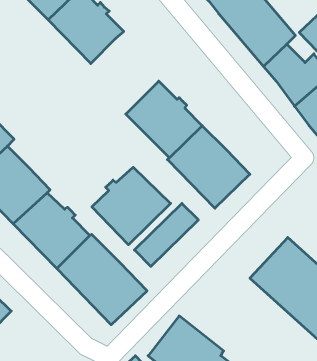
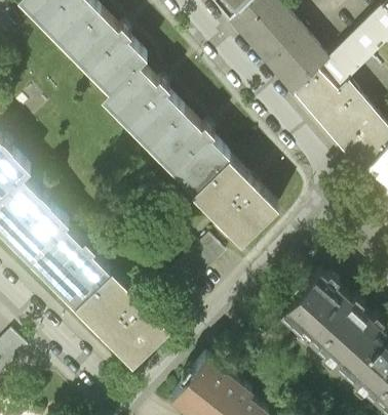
building: none -> [103,64,183,143]
building: [92,167,171,245] -> none

